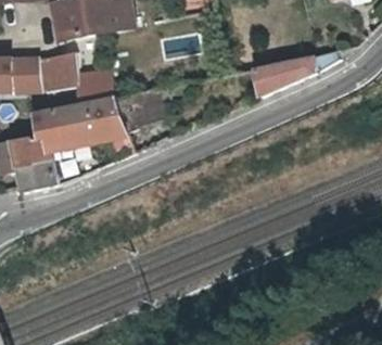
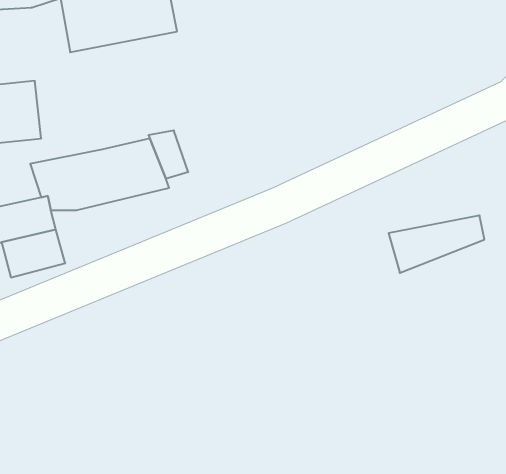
building: [37,50,111,97] -> none
building: [251,55,316,94] -> [389,215,484,273]

